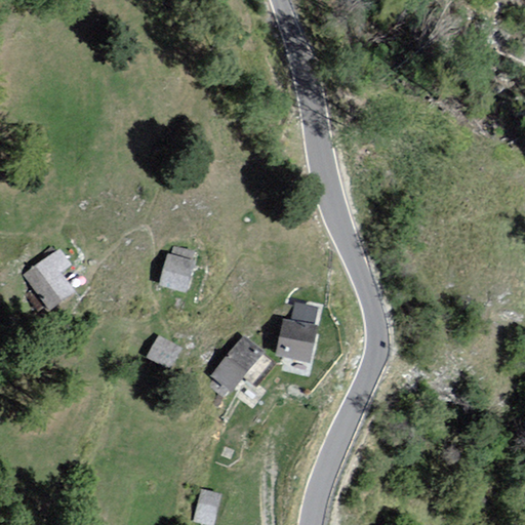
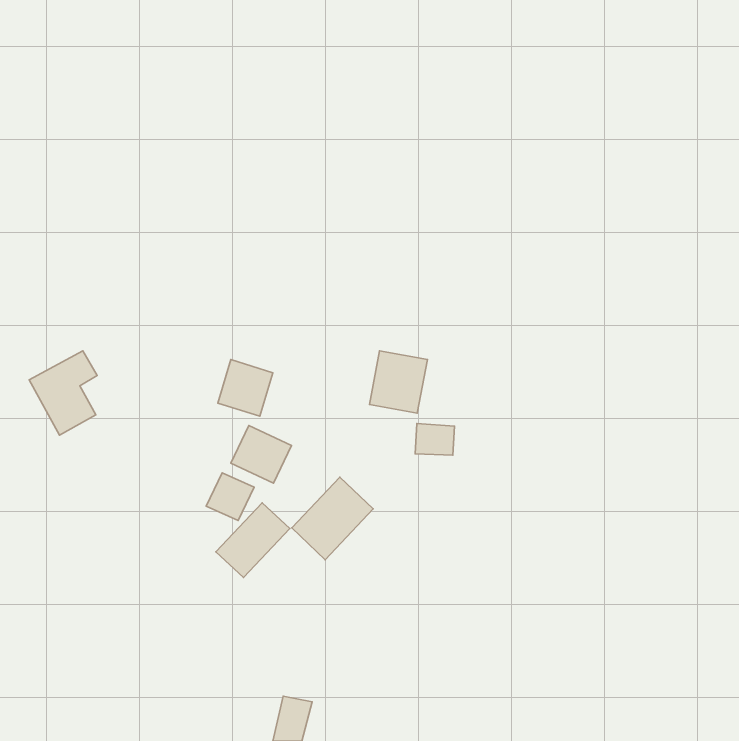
building: none -> [231,425,292,483]
building: [275,319,316,363] -> [369,351,427,413]
building: none -> [216,503,290,577]

